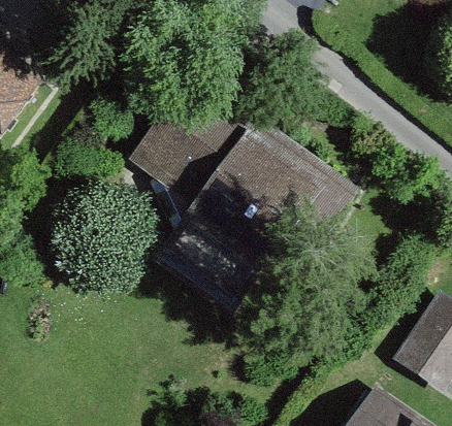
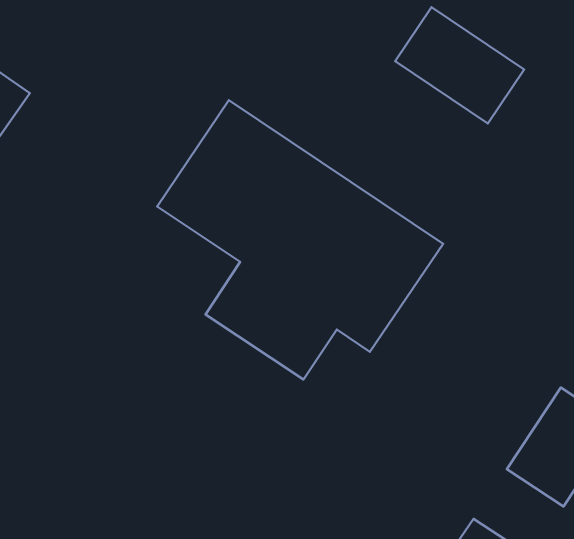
building: none -> [395,7,524,123]

